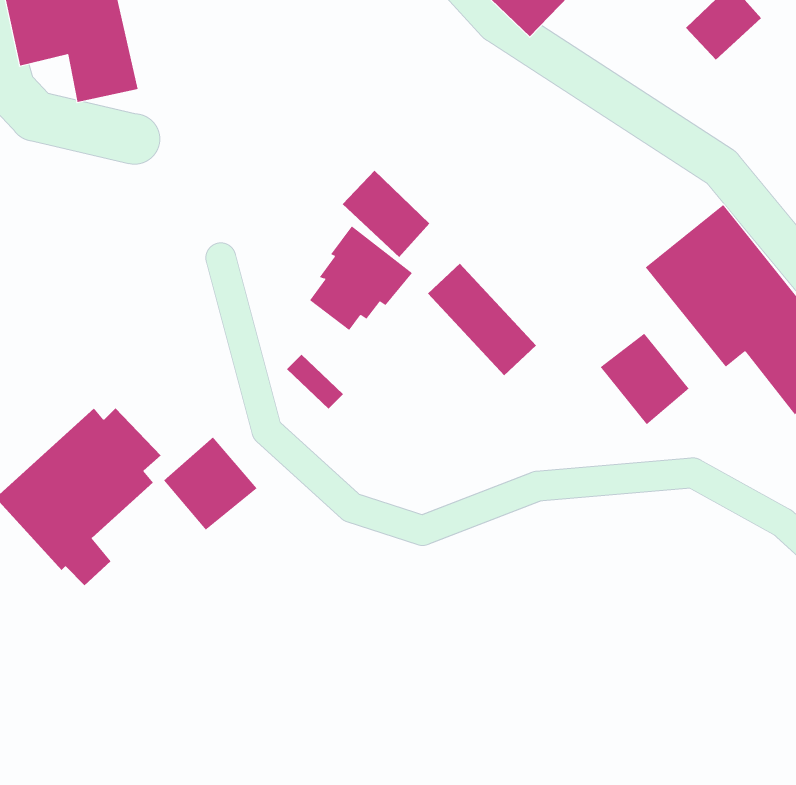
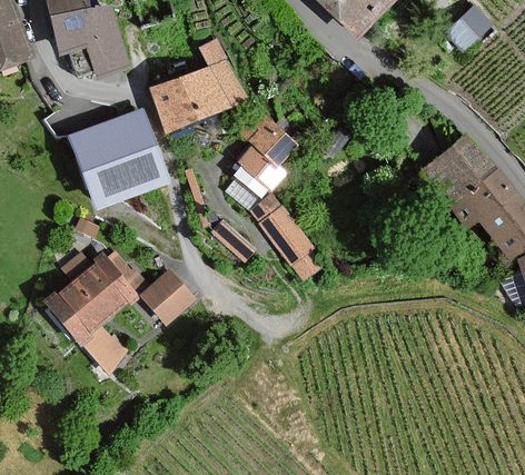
building: none -> [150,38,246,131]
building: none -> [69,110,168,208]
building: [427,263,537,376] -> [252,198,316,264]
building: [600,333,690,425] -> none

